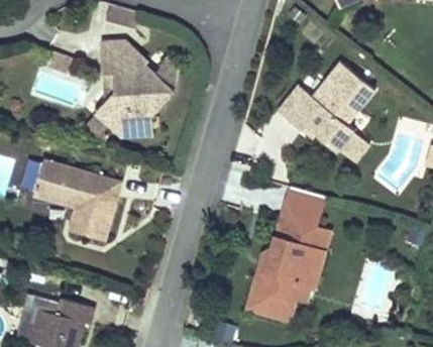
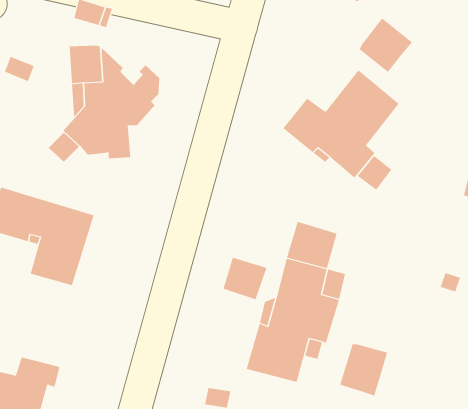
building: none -> [359,18,413,73]
building: none -> [223,257,267,300]
building: none -> [339,343,388,396]

